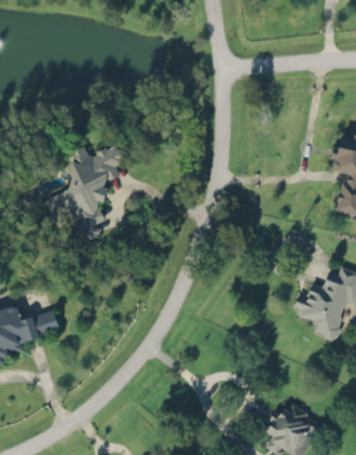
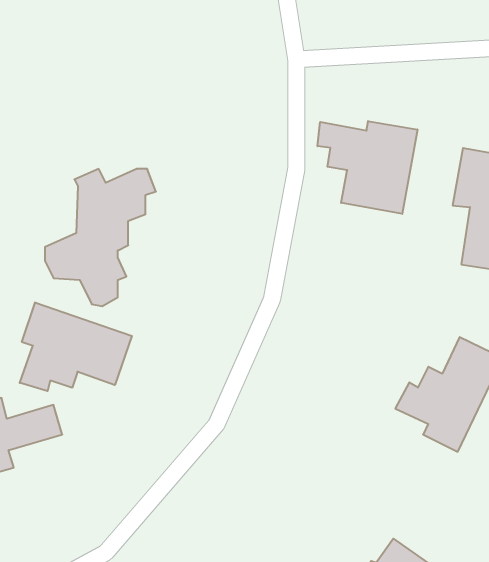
building: none -> [318,121,417,214]
building: none -> [20,302,132,391]

